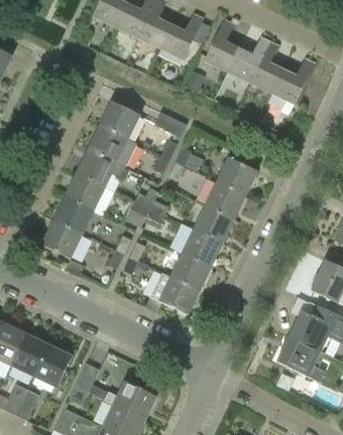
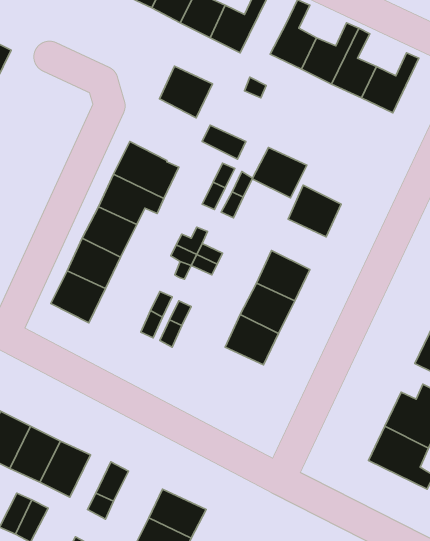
building: [100,100,139,138] -> [159,66,213,118]
building: [205,181,245,219] -> [252,147,307,198]
building: [145,272,199,313] -> none

